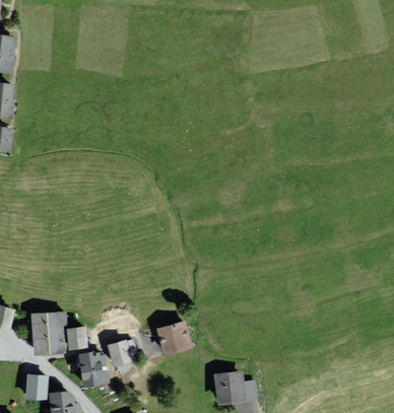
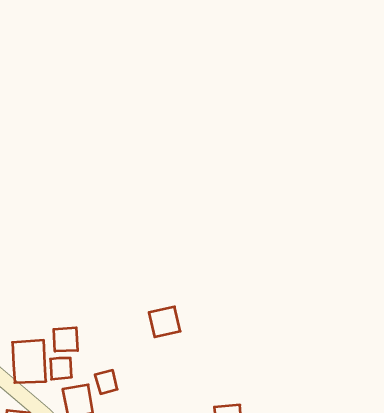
building: none -> [54,328,78,351]
building: [159,323,188,350] -> [149,307,180,337]

